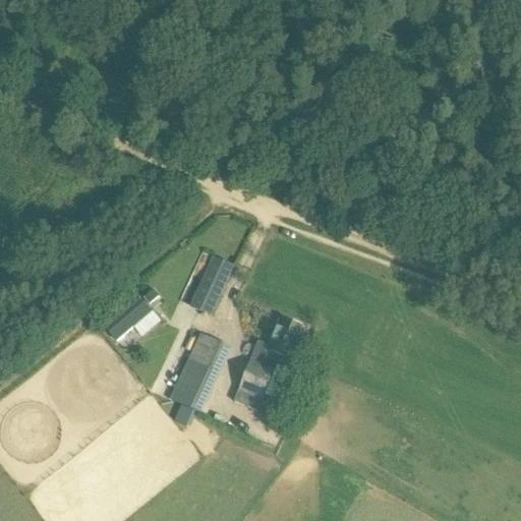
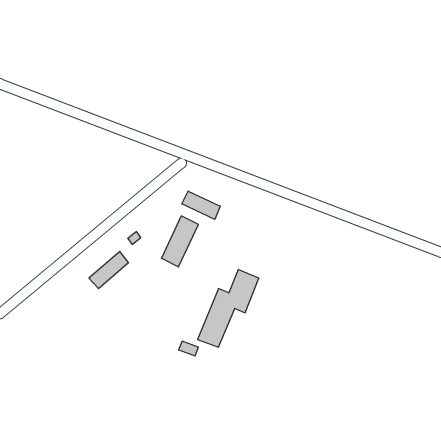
building: none -> [182,191,220,219]
building: [169,332,232,412] -> none

